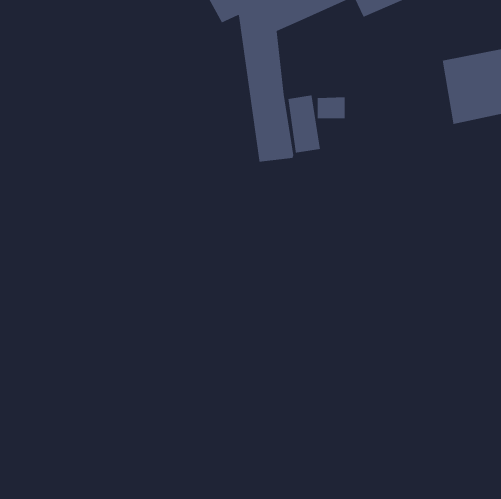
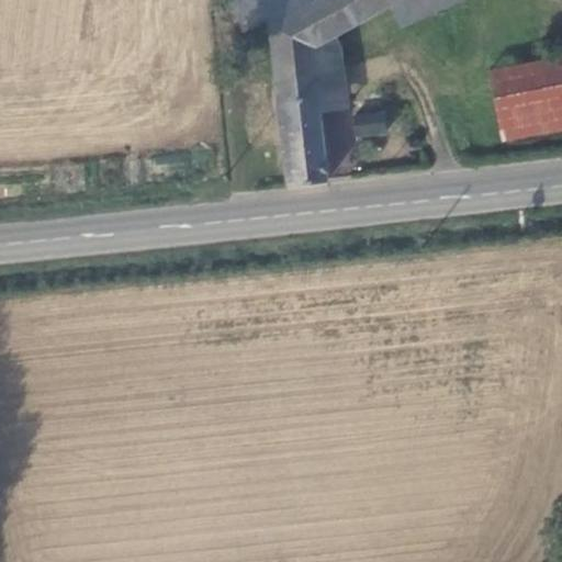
building: none -> [312,24,347,105]

